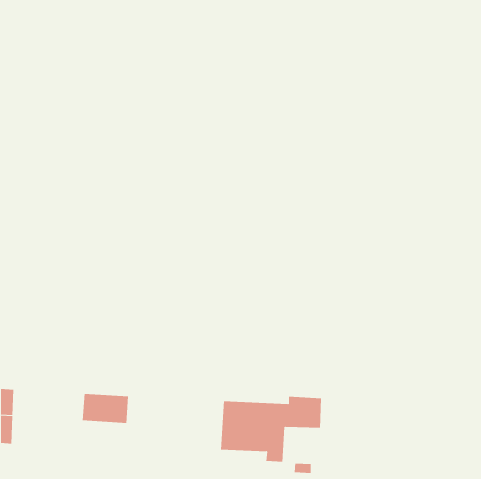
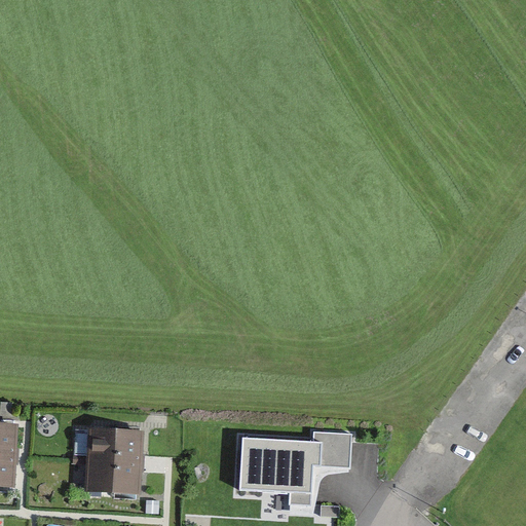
building: none -> [88,459,139,492]

